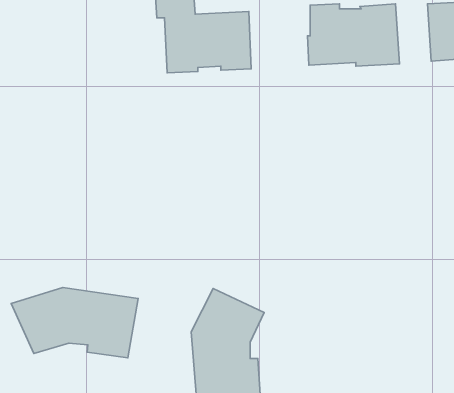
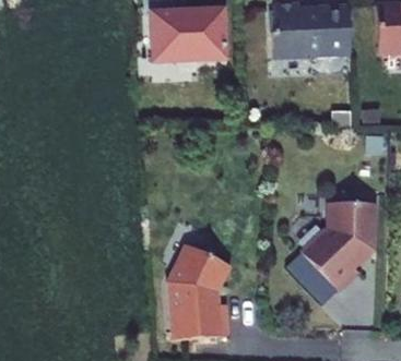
building: none -> [298,209,370,297]
building: [11,287,138,358] -> none

